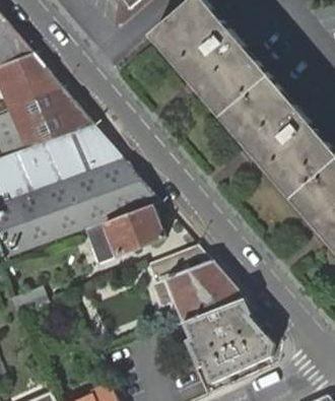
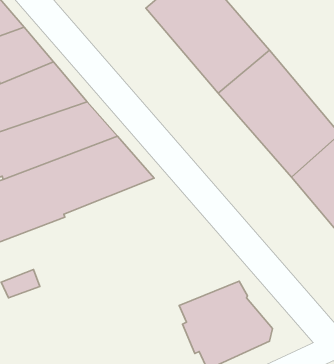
building: [85,205,165,256] -> none
building: [147,245,241,322] -> none

